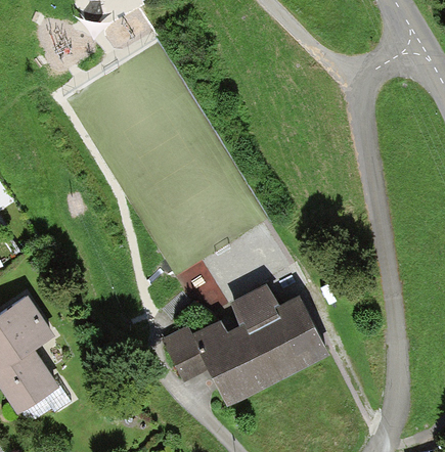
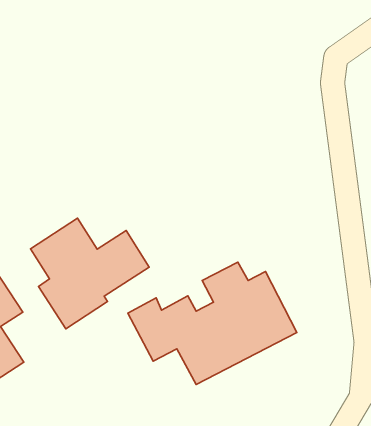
building: none -> [30,218,149,329]

